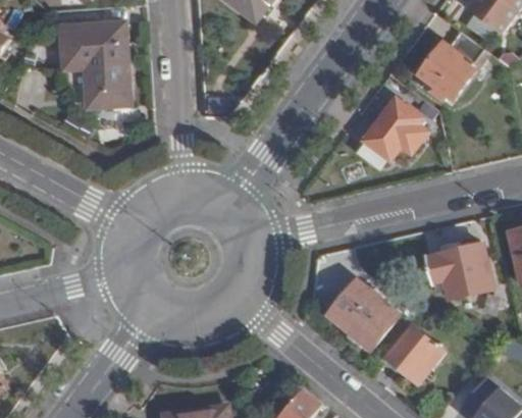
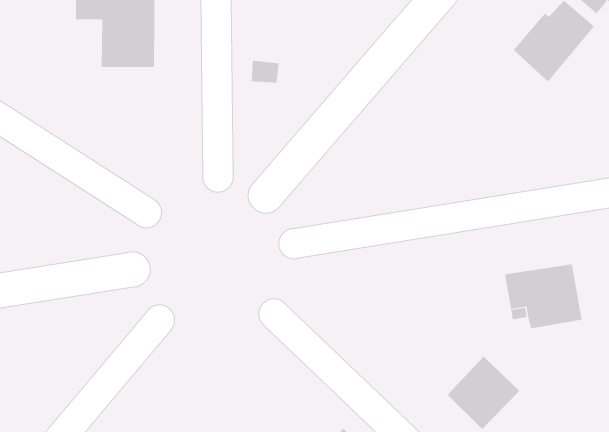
building: [364,97,425,157] -> none
building: [328,279,399,349] -> none

